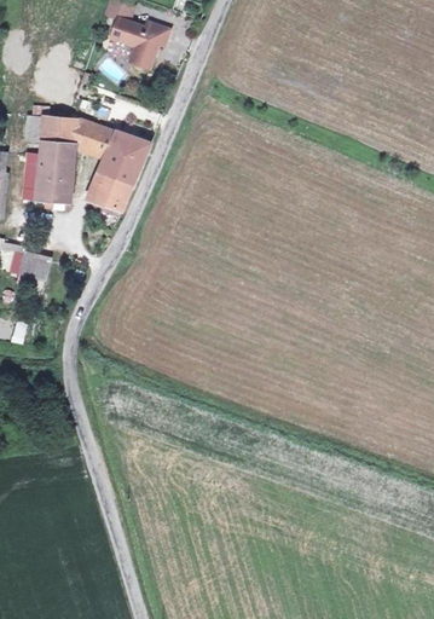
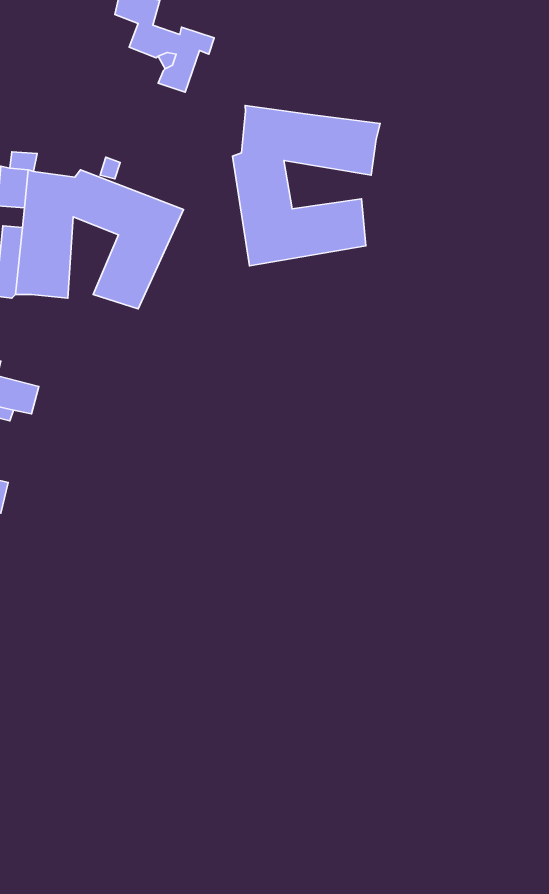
building: none -> [232,105,380,266]

